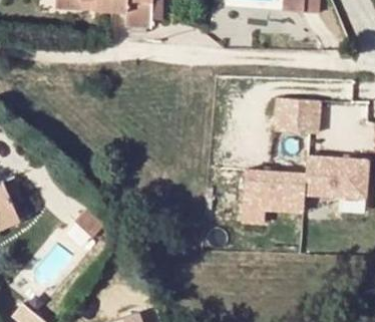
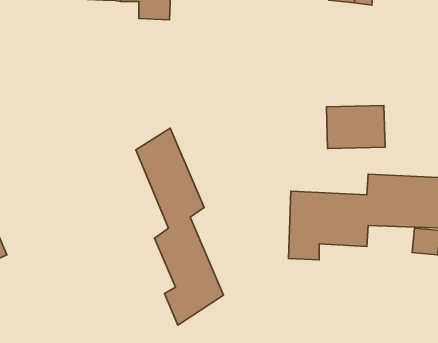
building: none -> [136,128,224,325]

